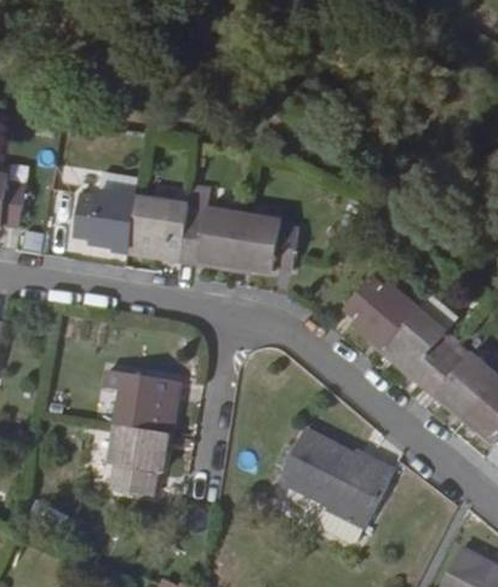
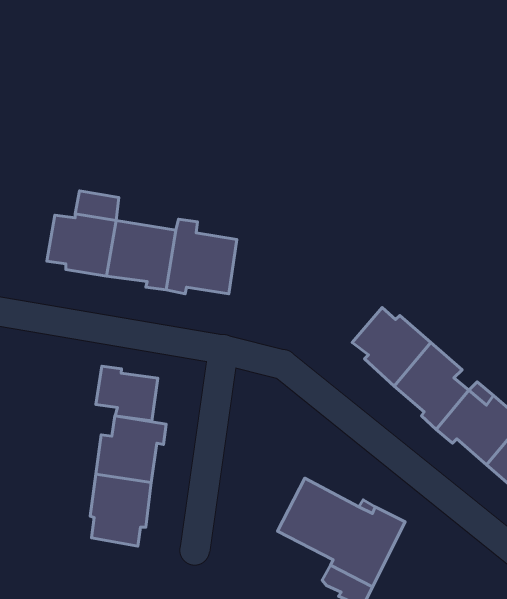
building: [235,215,296,271] -> none
building: none -> [96,366,158,421]

